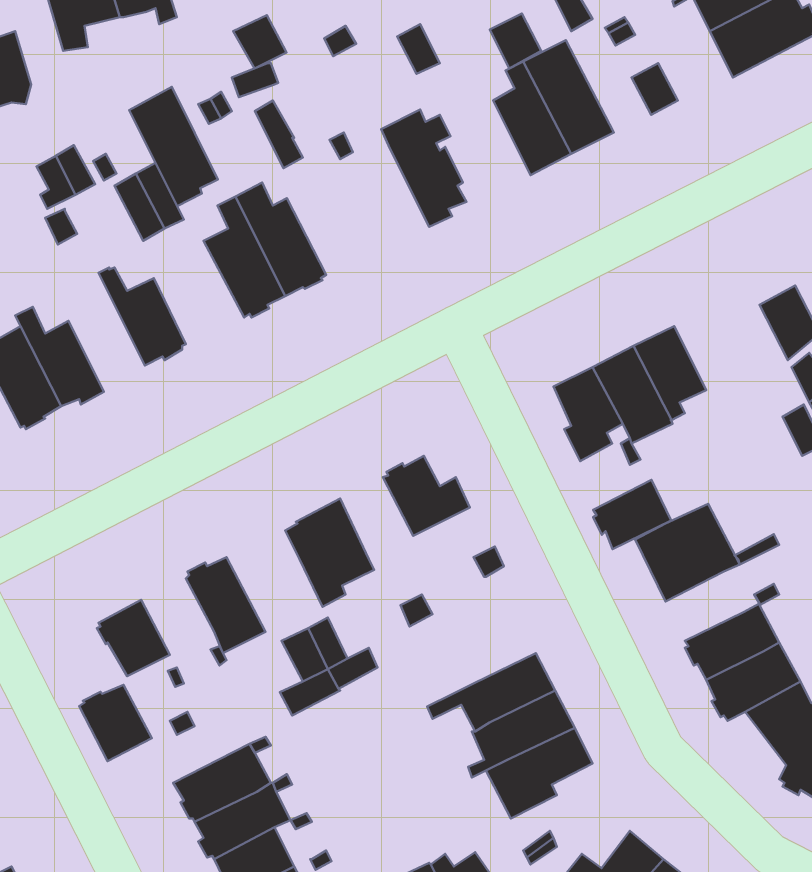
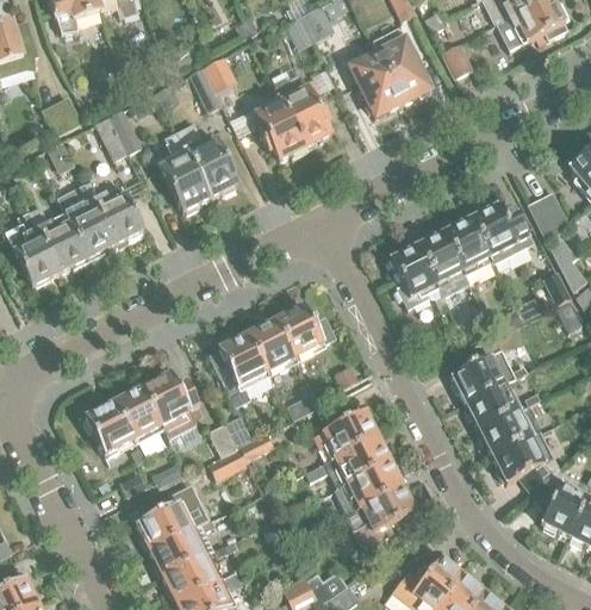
building: [490,13,541,69] -> [300,6,335,43]
building: [233,15,286,68] -> [201,57,237,93]
building: [129,87,218,206] -> [56,183,116,263]
building: none -> [253,100,306,162]
building: none -> [471,205,531,264]
building: none -> [247,320,296,375]
building: [593,480,671,549] -> [465,384,517,430]
building: none -> [313,411,378,459]
building: [79,685,152,761] -> [113,388,162,440]

